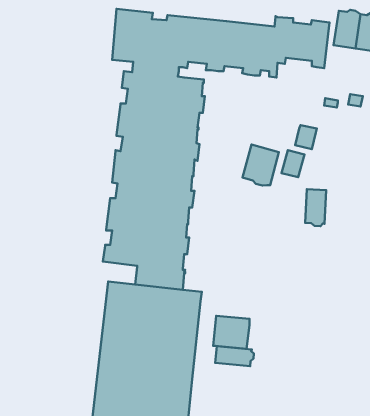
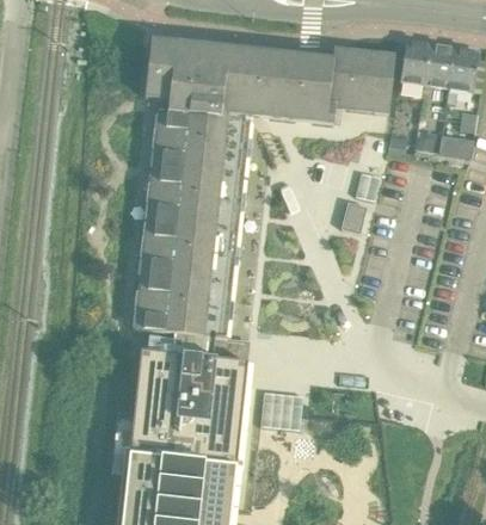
building: [243,145,279,185] -> none
building: [305,189,326,226] -> none
building: [215,346,254,366] -> none

